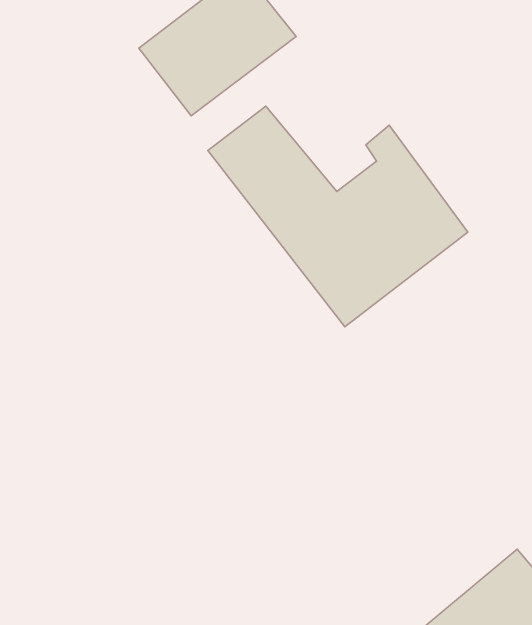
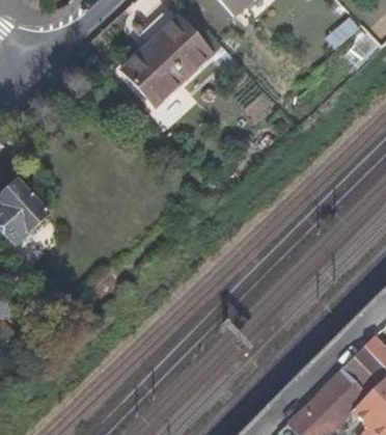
building: [208,106,468,327] -> none

